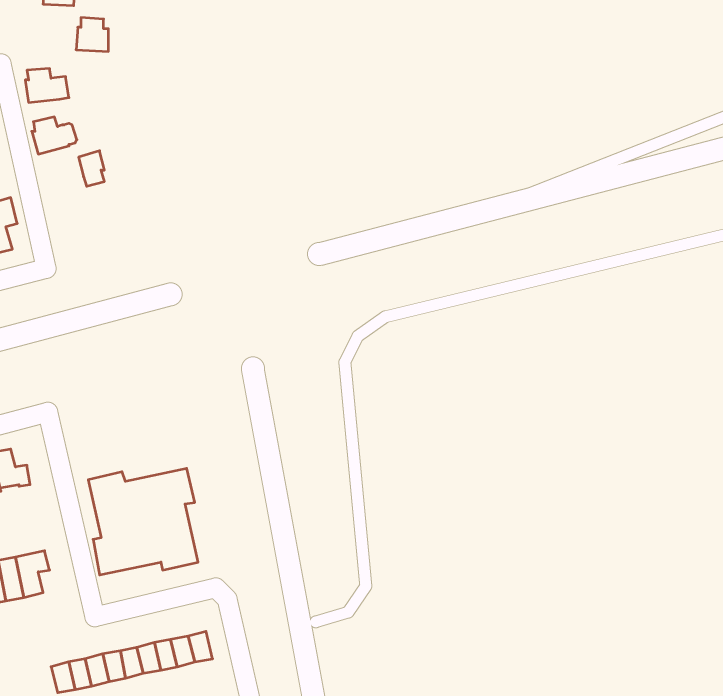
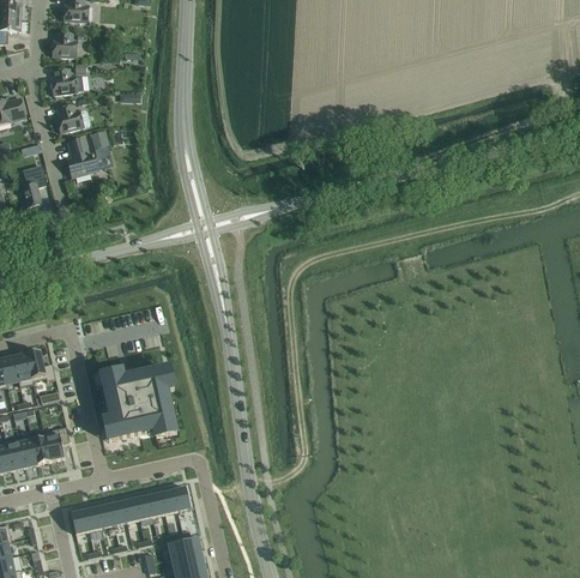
building: [76,18,108,51] -> [53,31,77,56]
building: none -> [67,138,98,176]

